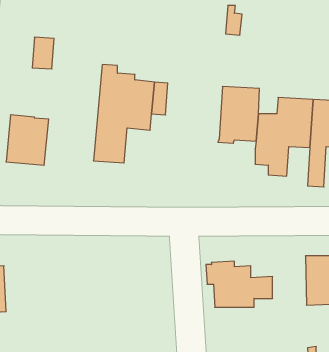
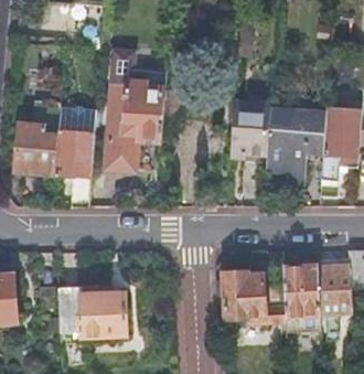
building: none -> [54,100,96,206]
building: none -> [283,265,319,314]
building: none -> [57,287,125,339]

